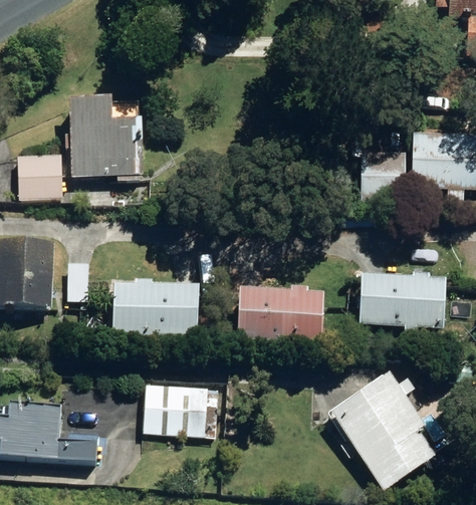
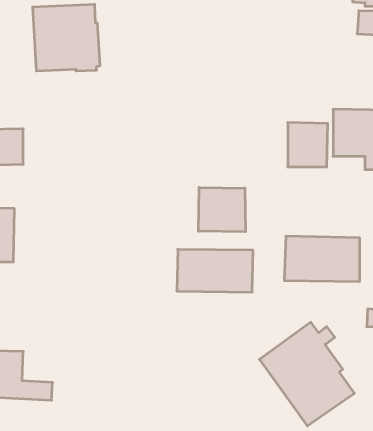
building: [68,99,145,175] -> [33,4,100,71]
building: none -> [198,187,245,232]
building: [112,284,197,334] -> none
building: [144,380,217,430] -> none

